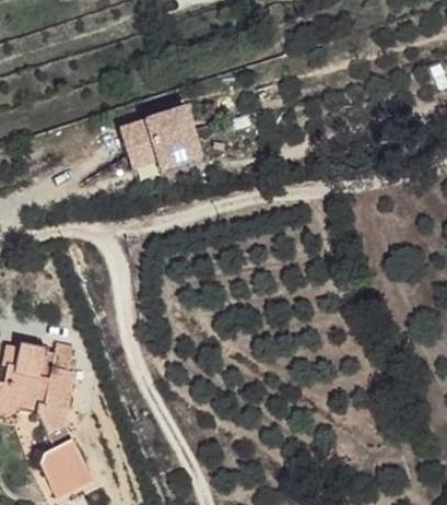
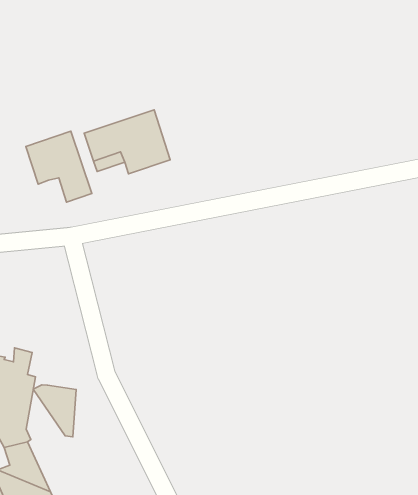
building: none -> [26,131,92,202]
building: none -> [33,385,76,437]

